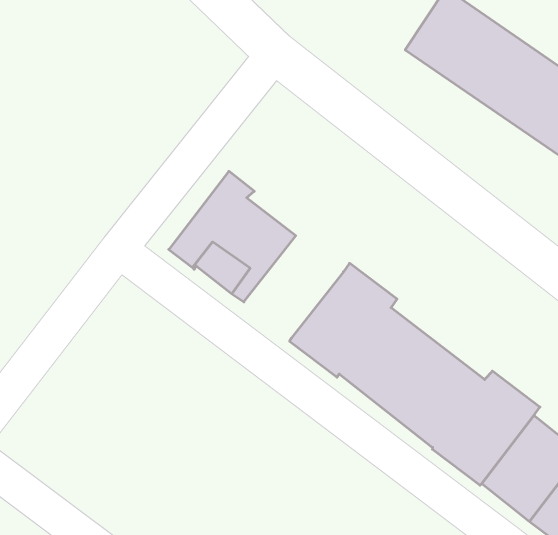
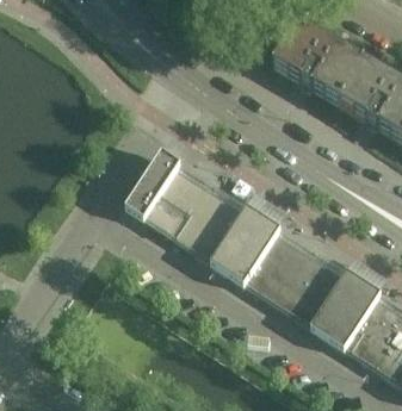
building: none -> [178,189,242,257]

